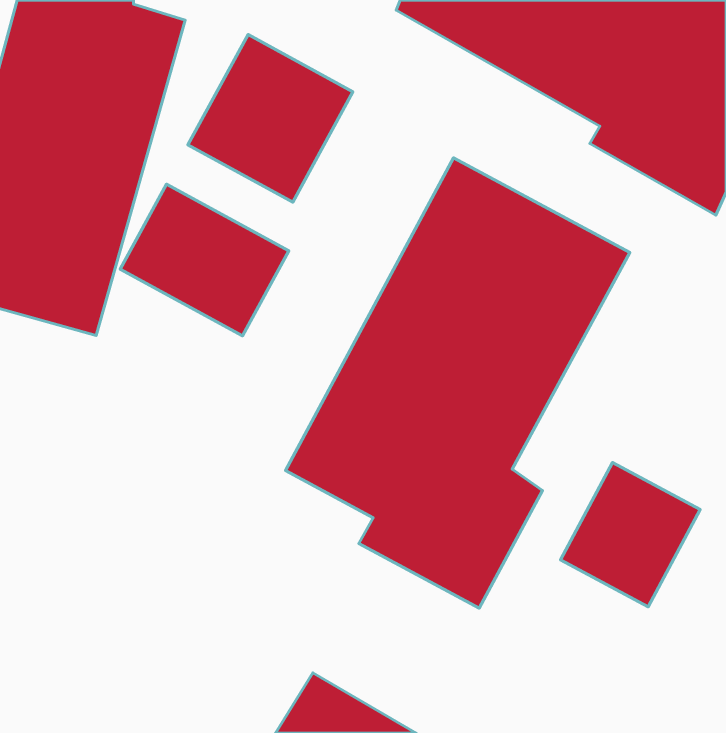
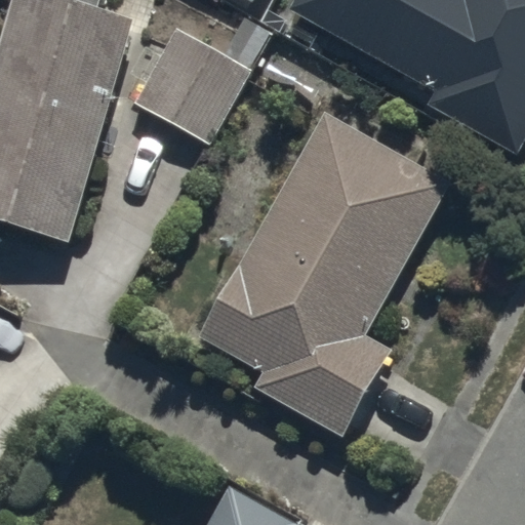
building: [120,184,289,336] -> none
building: [560,462,700,607] -> none

